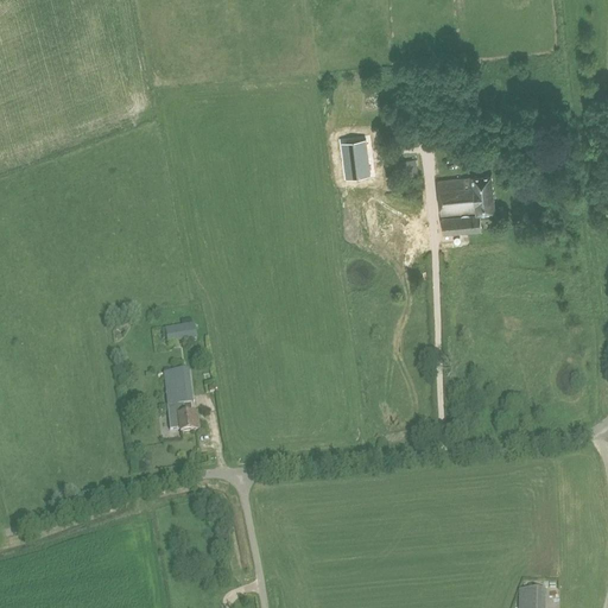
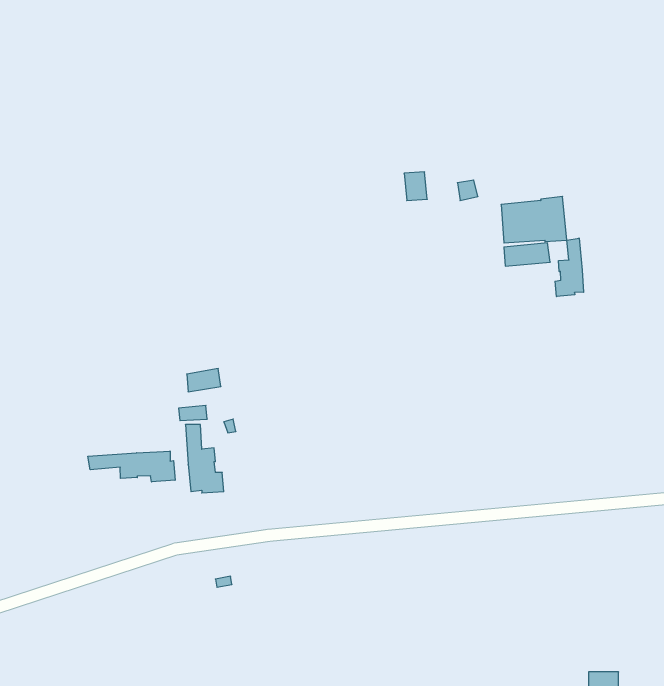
building: none -> [555,238,584,297]
building: none -> [88,451,175,482]

